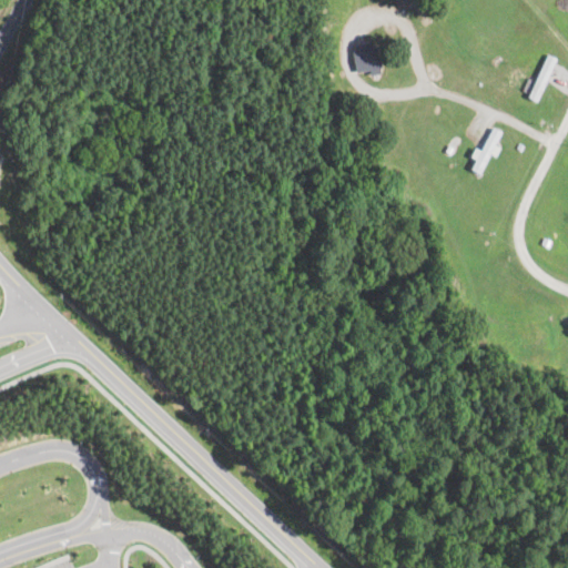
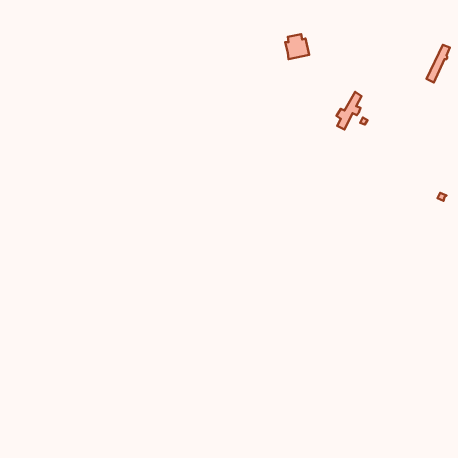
building: [470,128,501,174] -> [336,92,361,129]

